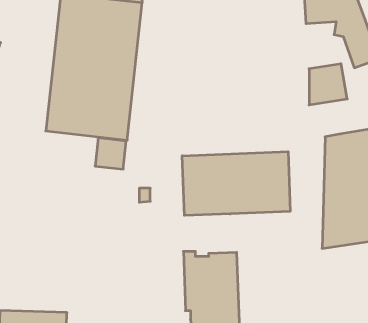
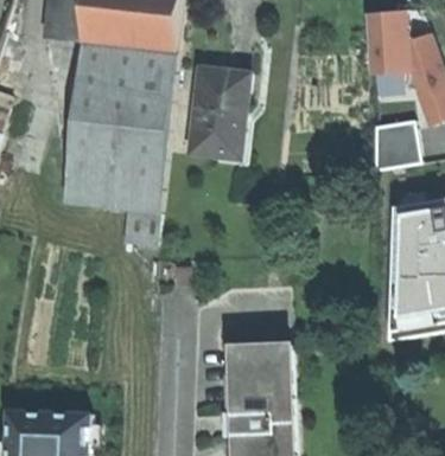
building: none -> [190,66,248,158]
building: [182,152,290,215] -> none

